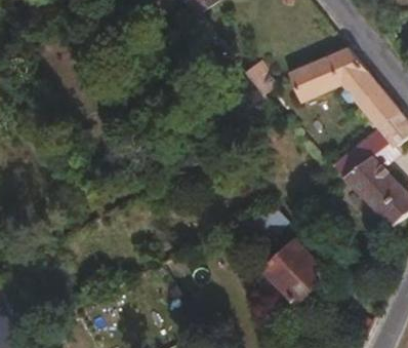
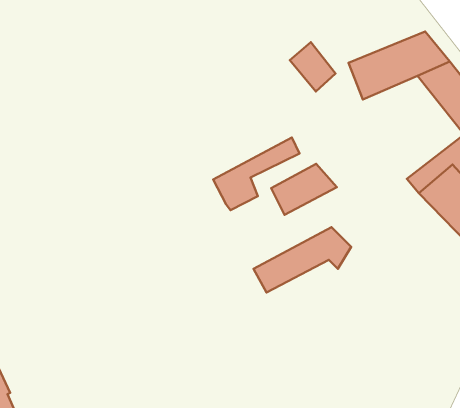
building: none -> [213,138,299,210]
building: none -> [271,164,337,215]
building: [266,241,327,304] -> none

